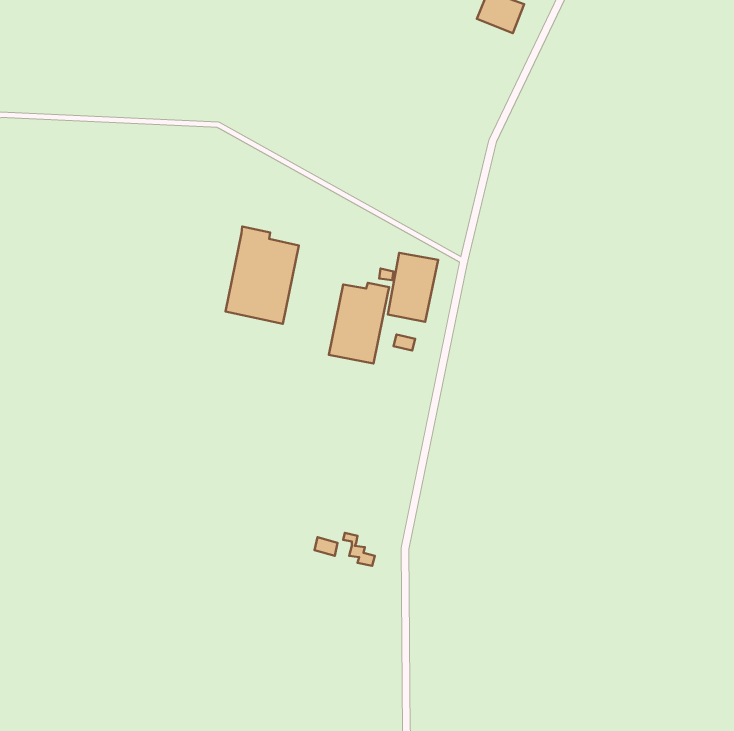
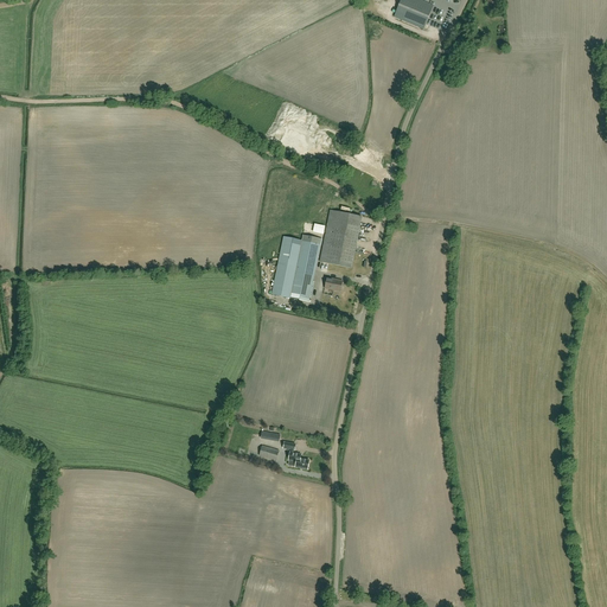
building: [225,227,299,324] -> none

